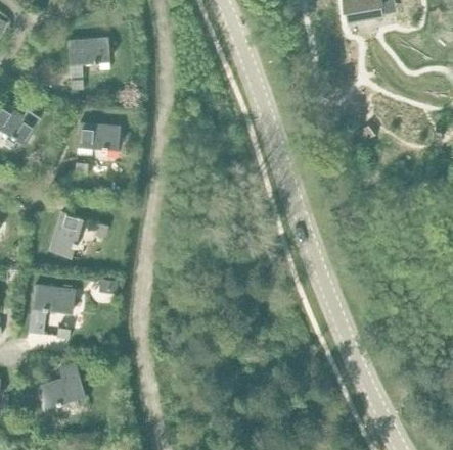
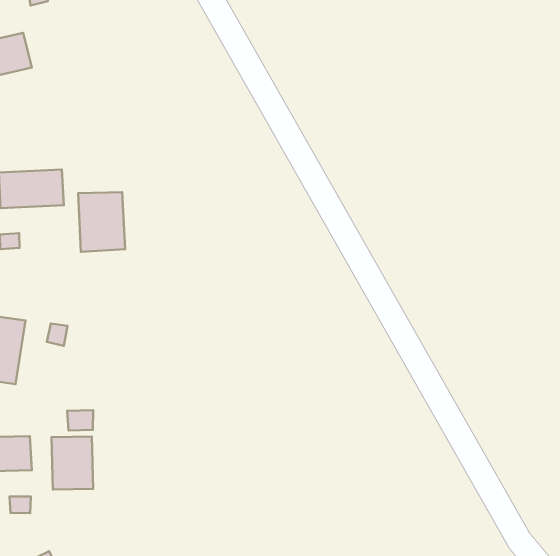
building: none -> [78,192,125,252]
building: none -> [51,436,93,489]

